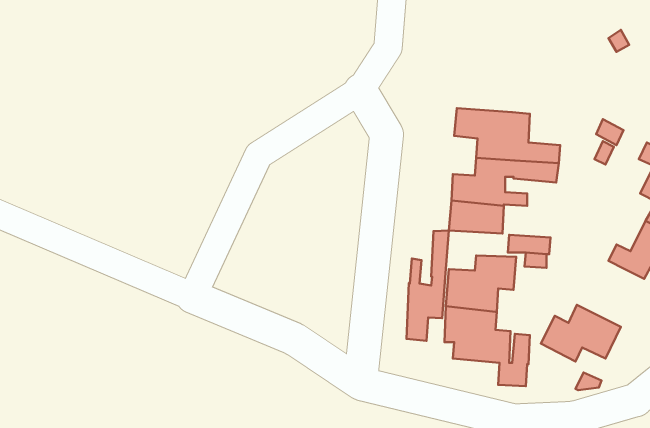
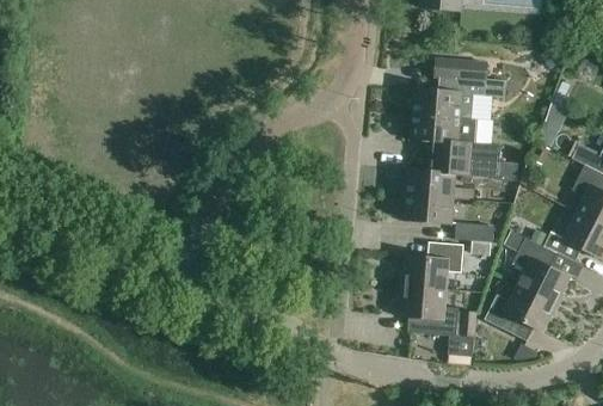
building: none -> [413,60,505,119]
building: [406,231,449,341] -> none
building: none -> [505,230,570,304]

